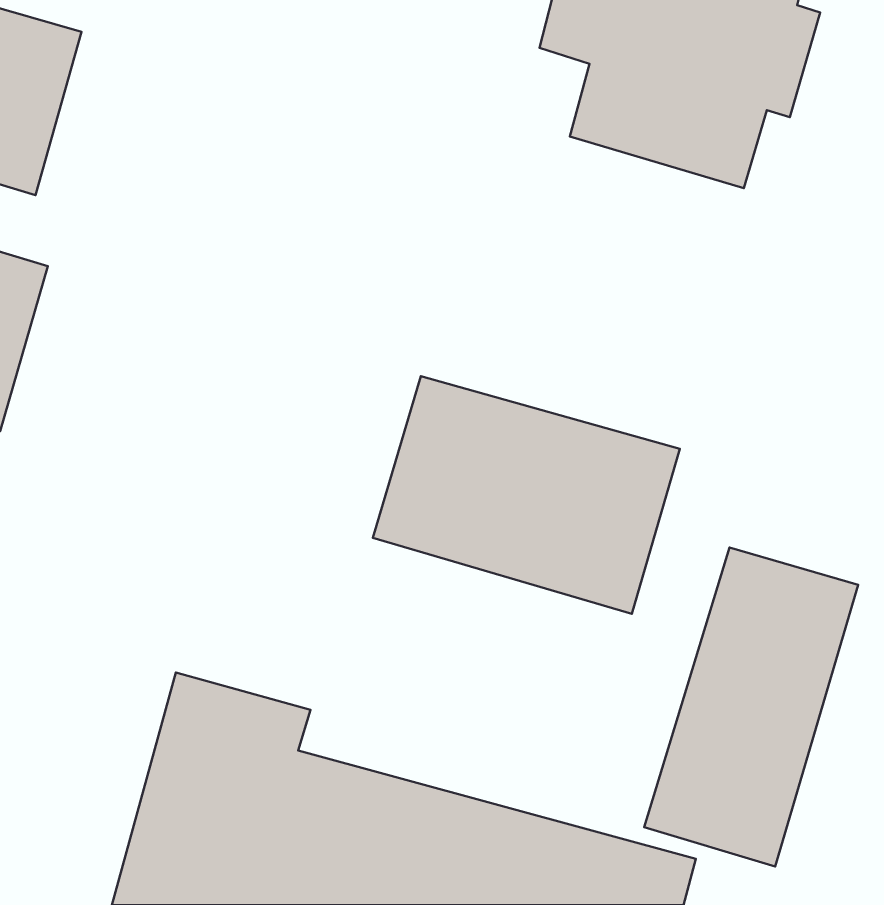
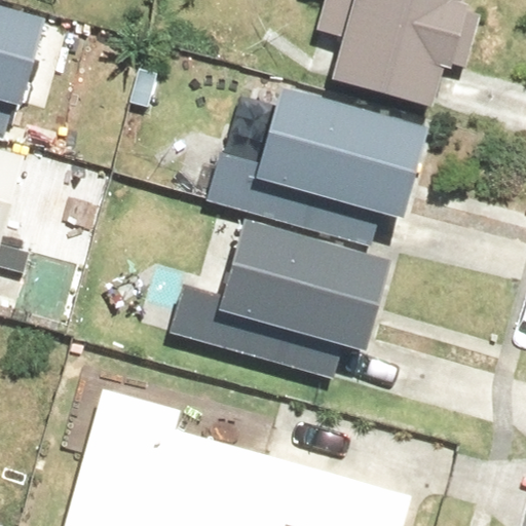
building: none -> [254,87,431,224]
building: [644,547,858,867] -> none

